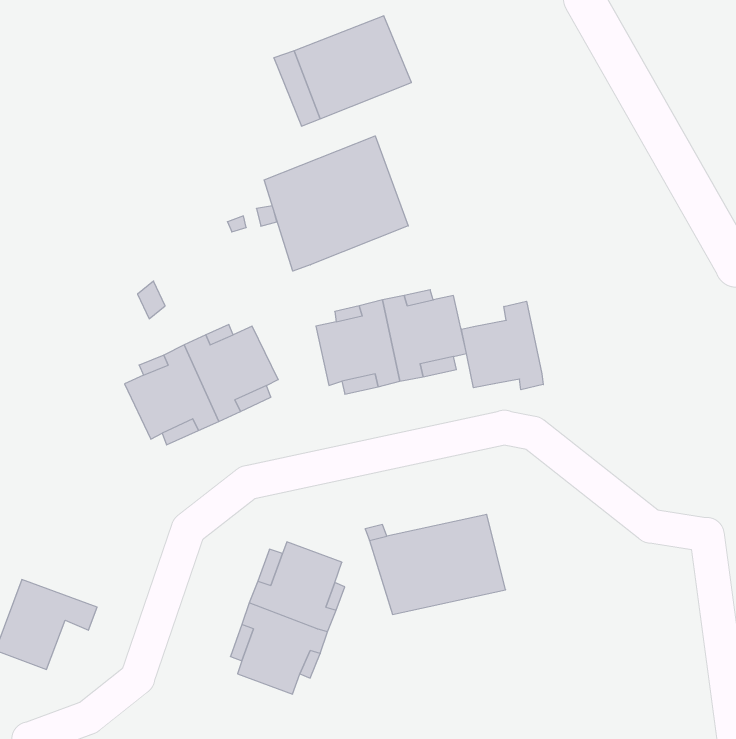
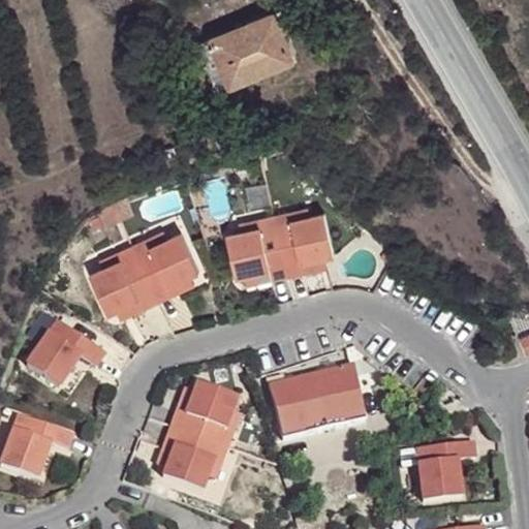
building: [264,136,408,271] -> none
building: [462,301,543,390] -> none
building: none -> [24,318,102,385]
building: none -> [418,441,478,502]

